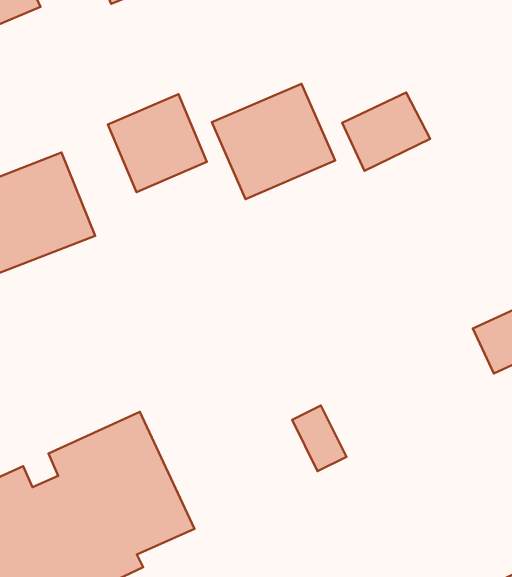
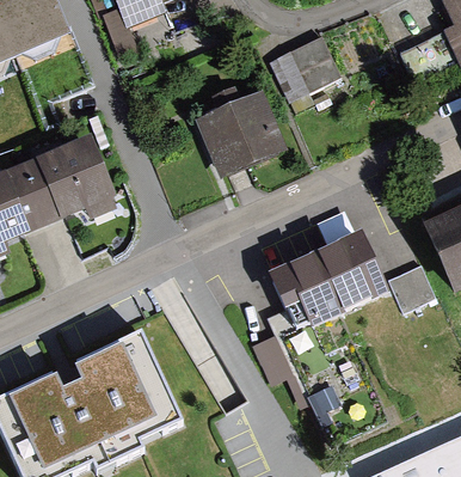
building: [342,92,430,171] -> [269,37,334,96]
building: [108,94,207,192] -> none
building: none -> [282,237,380,324]

